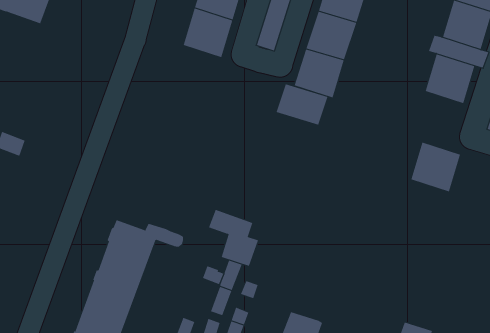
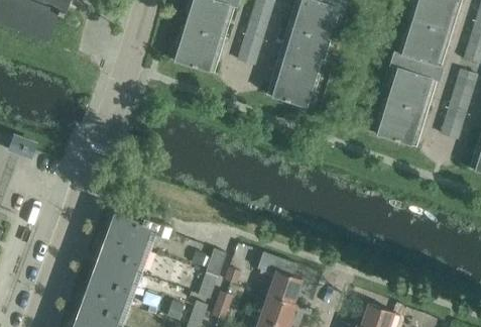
building: [276,84,328,126] -> none
building: [410,142,461,192] -> [376,101,420,145]
building: [208,209,259,266] -> [257,252,302,303]

